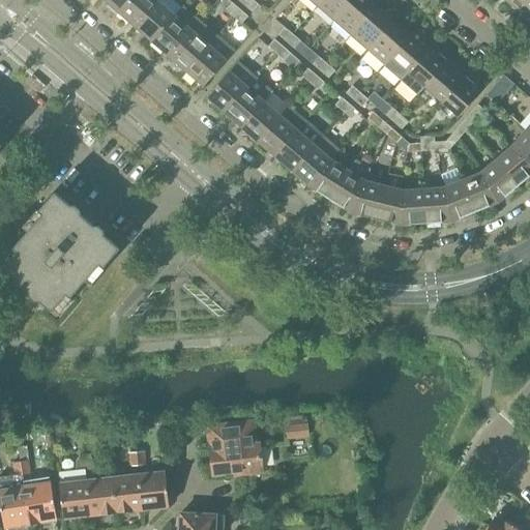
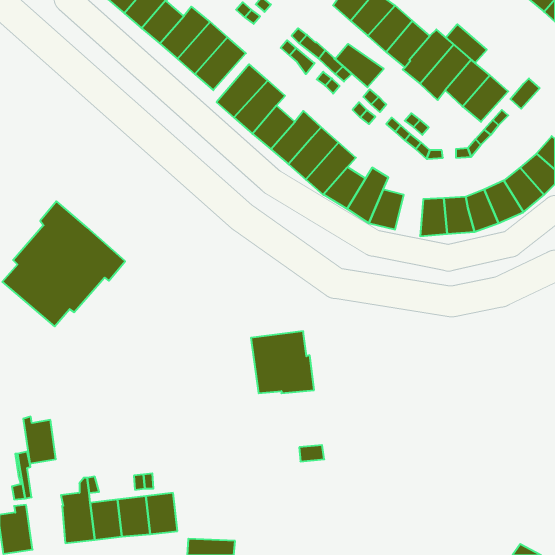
building: none -> [446,24,487,63]
building: none -> [335,44,384,87]
building: [376,185,403,225] -> none
building: [204,418,264,477] -> [251,331,314,393]
building: [25,478,56,523] -> [23,417,56,463]

